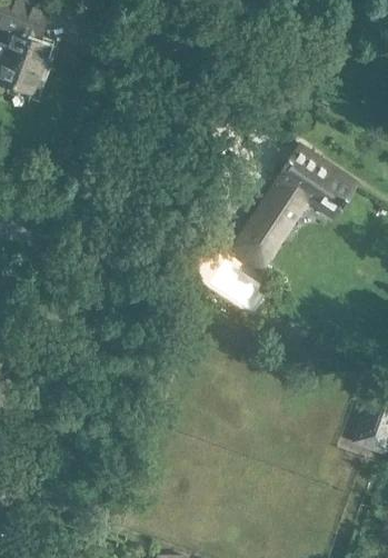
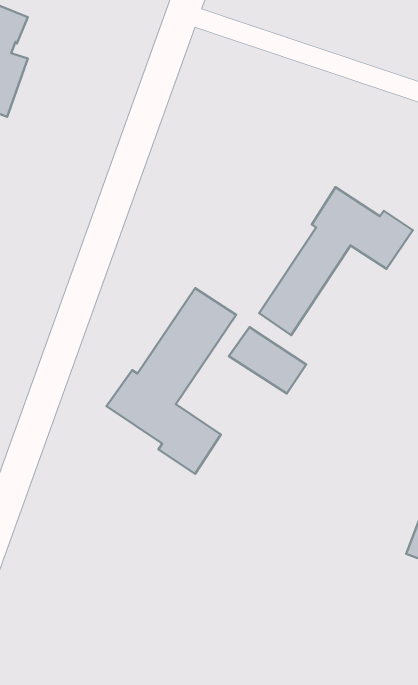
building: none -> [107,288,236,474]

